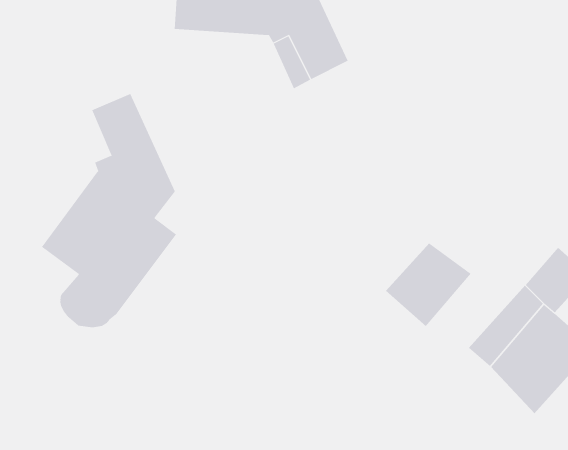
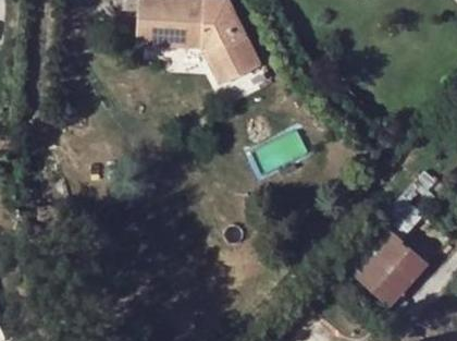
building: [41,93,177,328] -> none
building: [385,243,472,327] -> none

